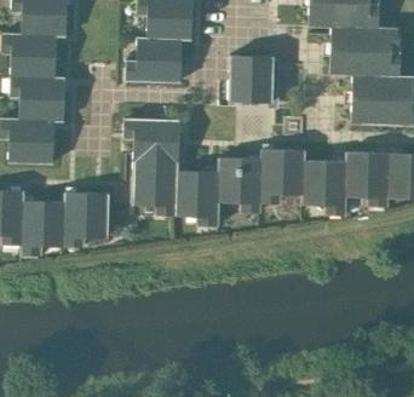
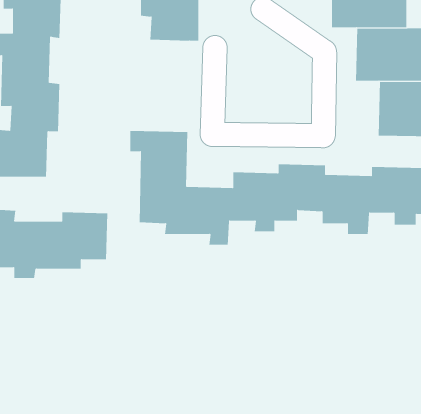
building: [127,38,182,82] -> none
building: [229,57,274,103] -> none

